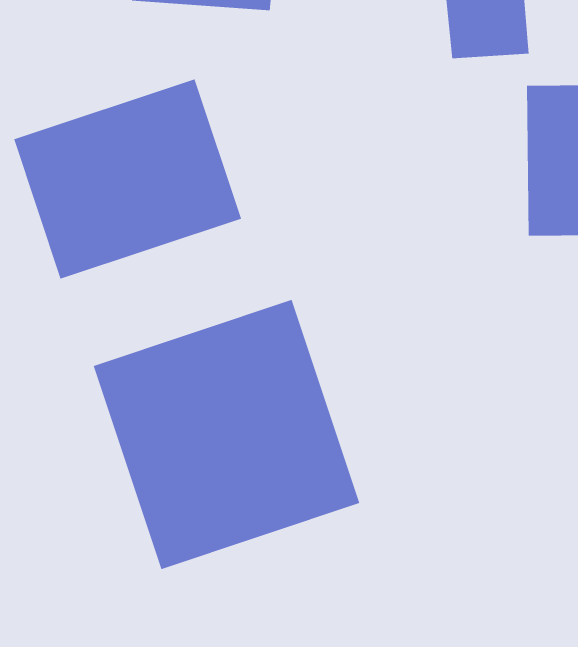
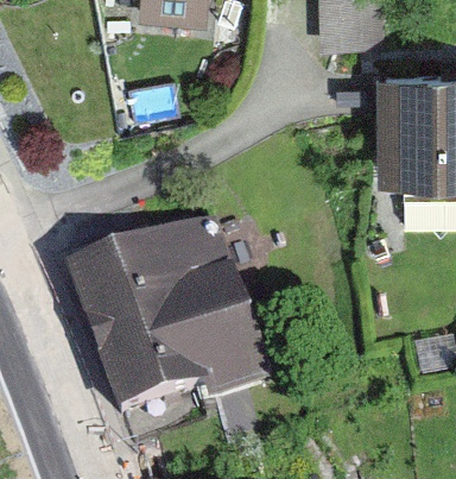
building: [13,78,242,280] -> none

